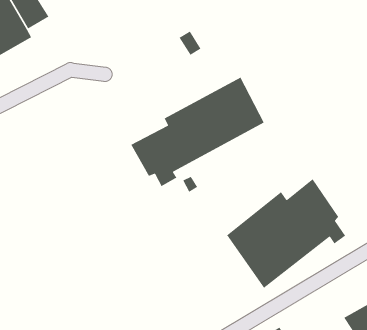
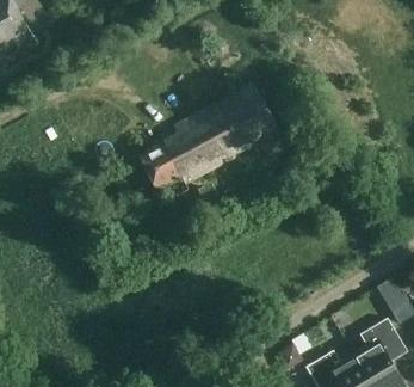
building: [226,178,346,289] -> none

